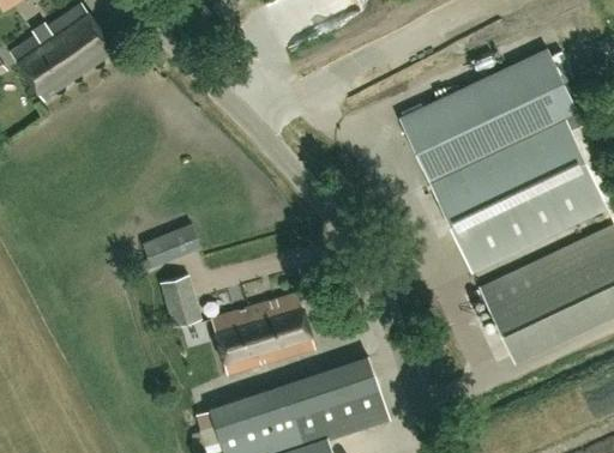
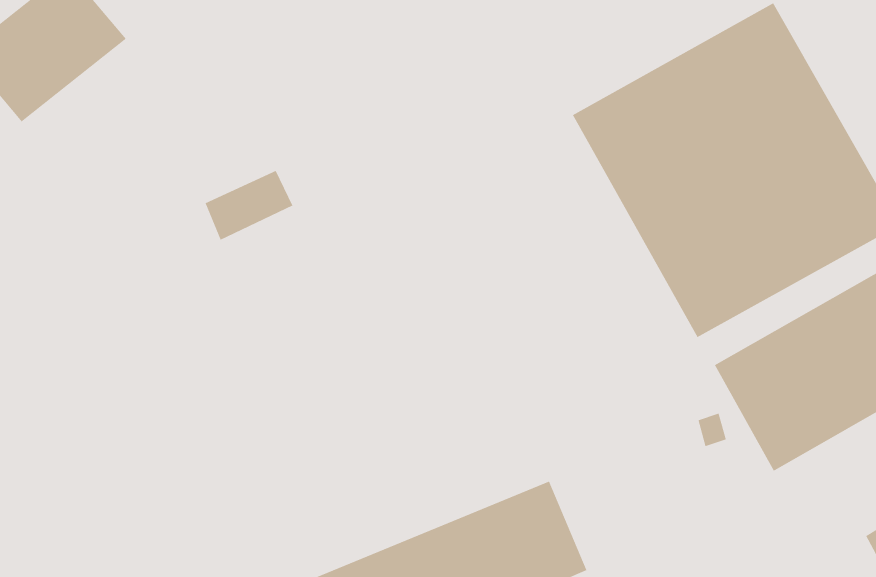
building: [143,224,200,267] -> [204,170,294,241]
building: [159,274,201,327] -> none
building: [210,294,314,375] -> none

